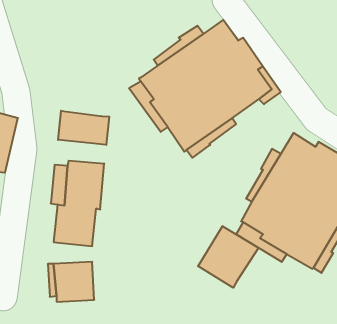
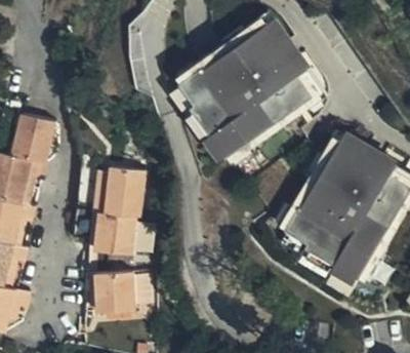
building: [58,111,109,145] -> none
building: [198,226,259,288] -> none

